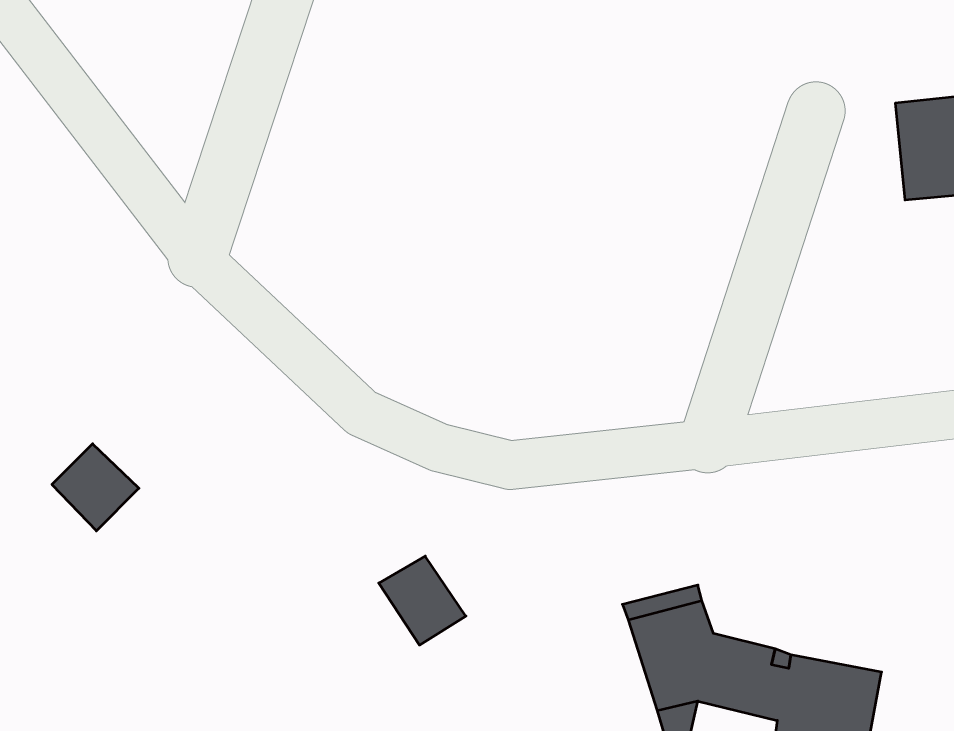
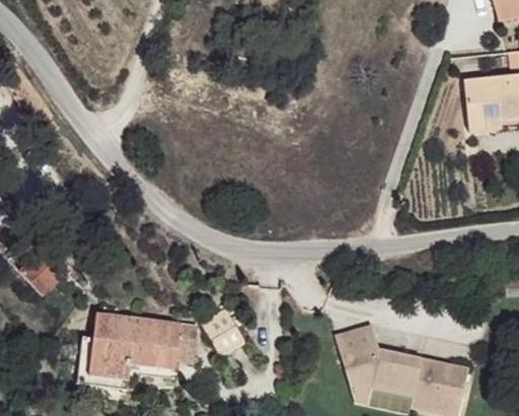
building: none -> [79,313,199,384]

